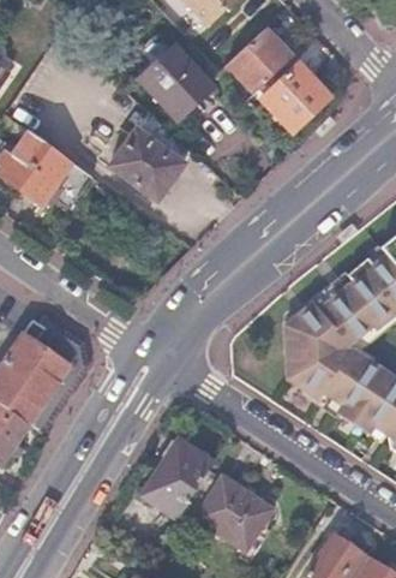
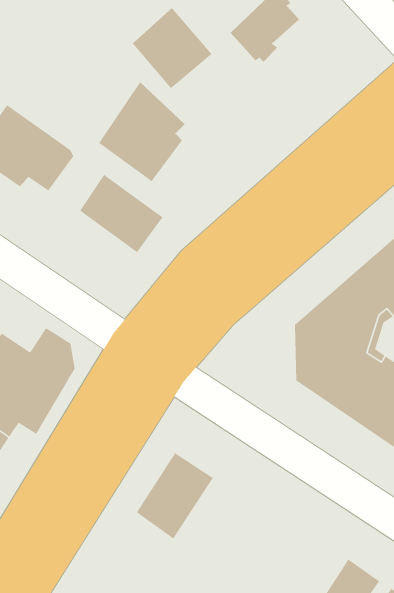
building: [262,62,329,130] -> none
building: none -> [79,174,163,253]
building: [194,476,272,552] -> none

